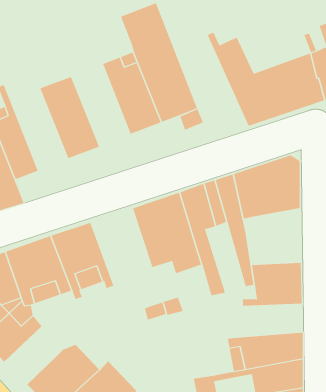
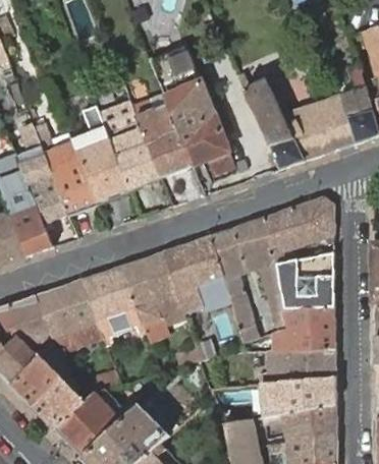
building: none -> [100,102,161,189]
building: none -> [34,122,98,214]
building: none -> [121,251,182,336]
building: none -> [275,251,334,308]
building: none -> [261,348,336,383]
building: none -> [34,370,86,429]

